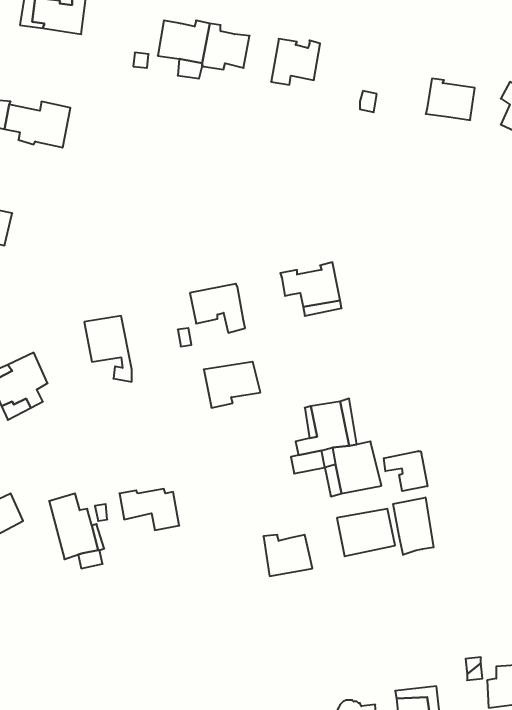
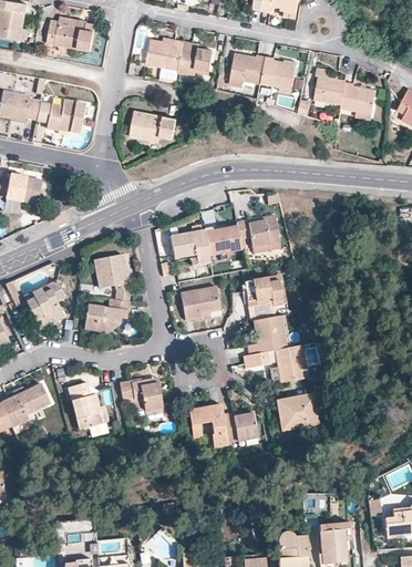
building: none -> [260,56,297,93]
building: none -> [315,68,346,103]
building: none -> [131,111,178,142]
building: none -> [205,226,241,261]
building: none -> [244,275,282,306]
building: none -> [85,298,130,334]
building: [384,451,427,491] -> none
building: [393,497,434,555] -> none
building: none -> [189,403,229,447]

